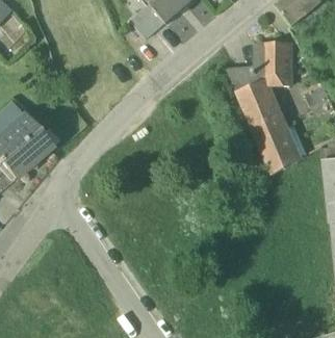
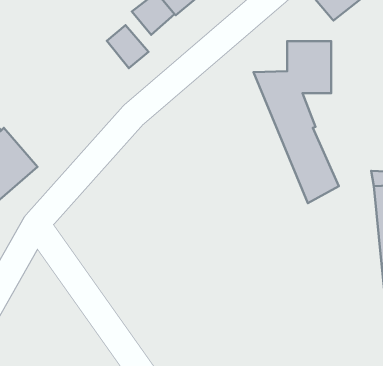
building: none -> [107,25,149,68]

